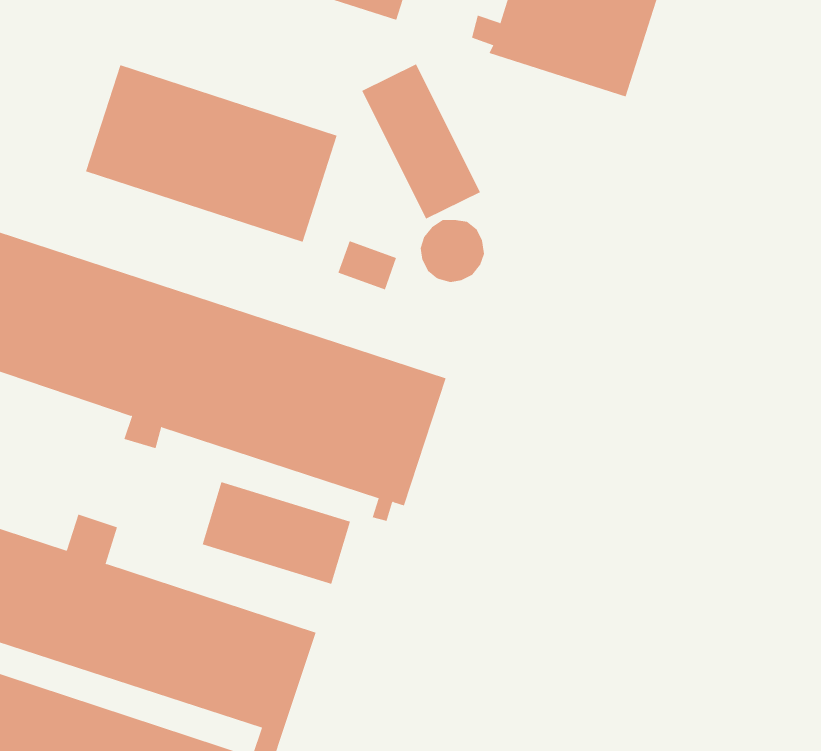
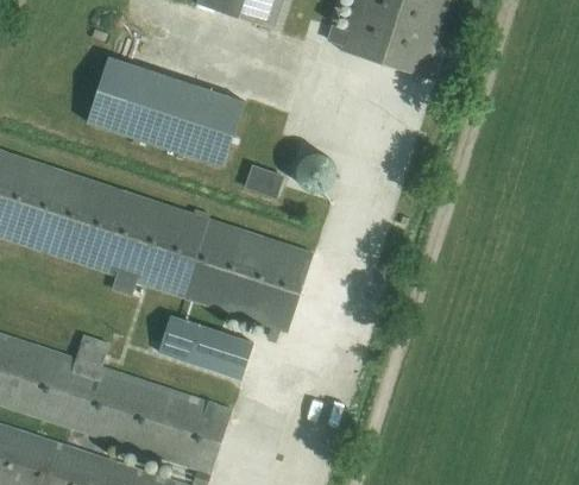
building: [362,64,481,219] -> none

